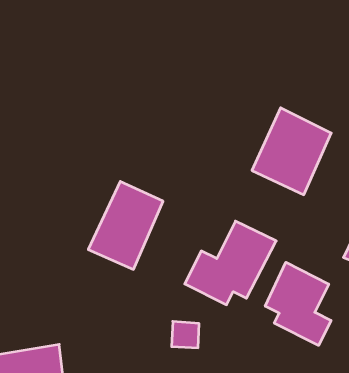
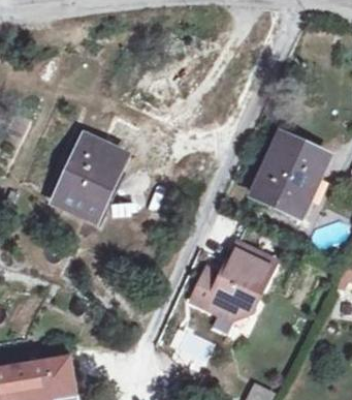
building: [88,181,163,269] -> [54,137,124,220]
building: [265,262,331,345] -> none

